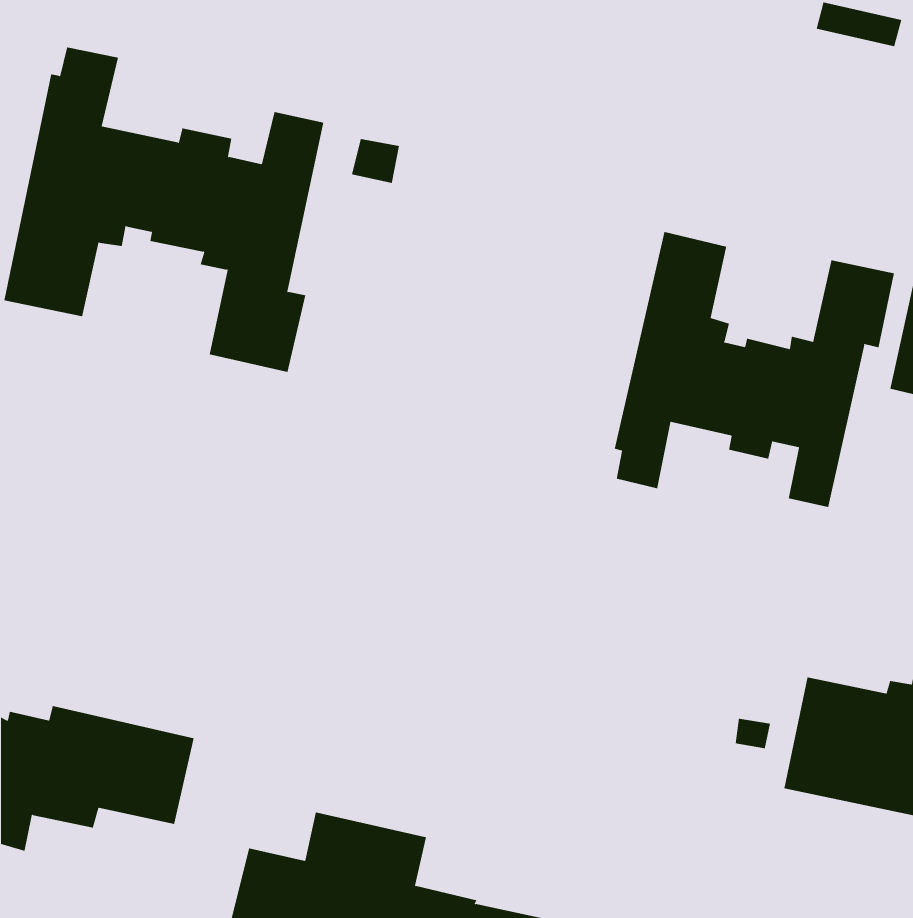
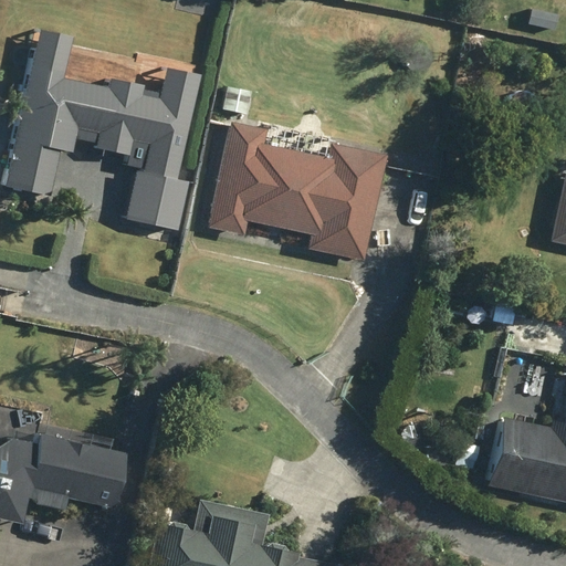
building: none -> [206,120,384,260]
building: [614,231,894,508] -> none

